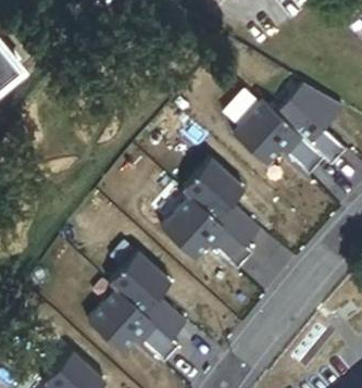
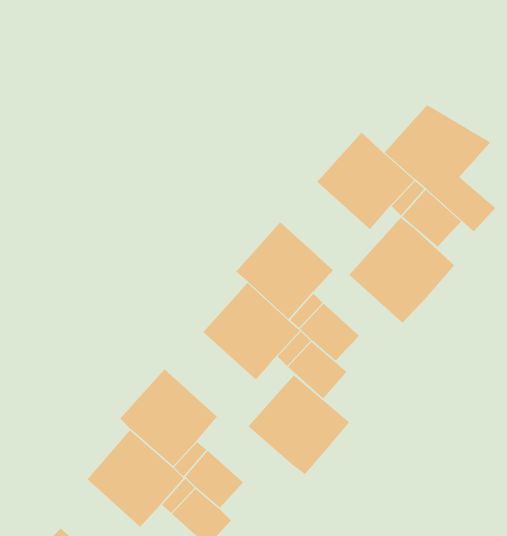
building: none -> [348,217,455,324]
building: none -> [248,374,350,476]

